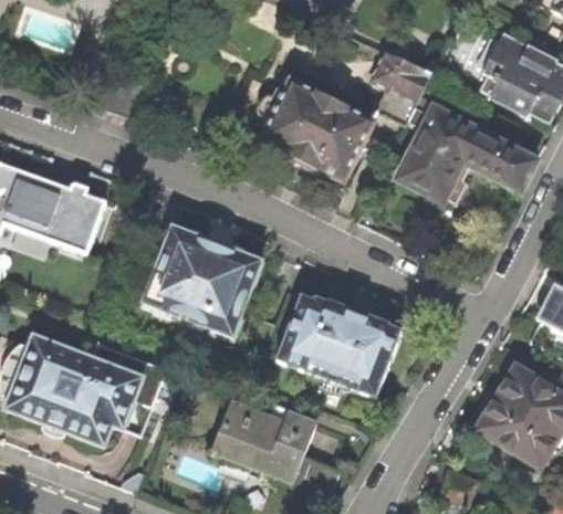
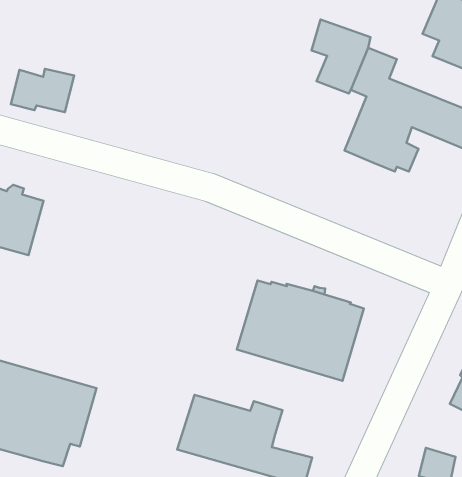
building: [257,80,372,178] -> none
building: [143,224,263,336] -> none

